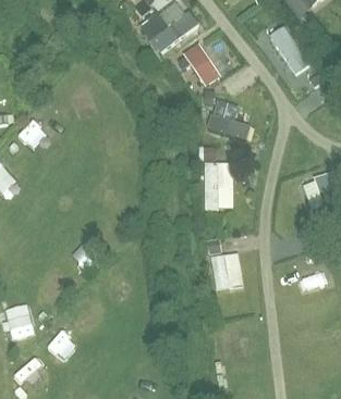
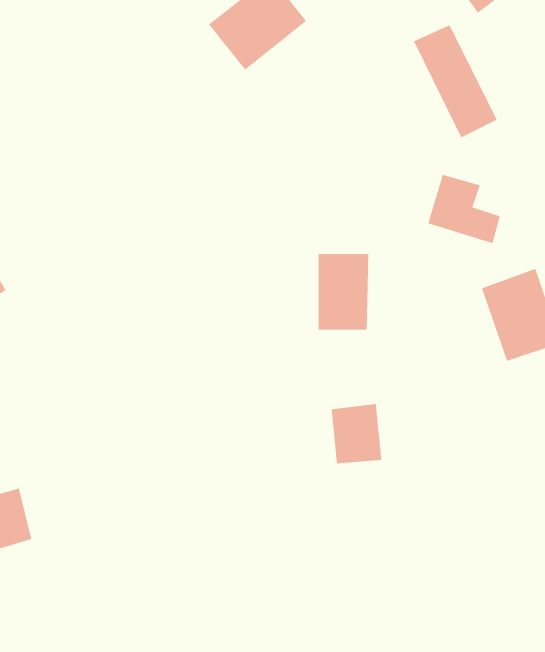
building: [184,46,223,90] -> none
building: [206,98,249,139] -> [427,174,501,244]

